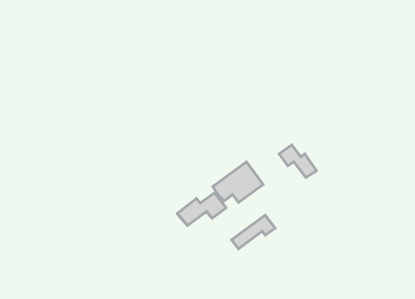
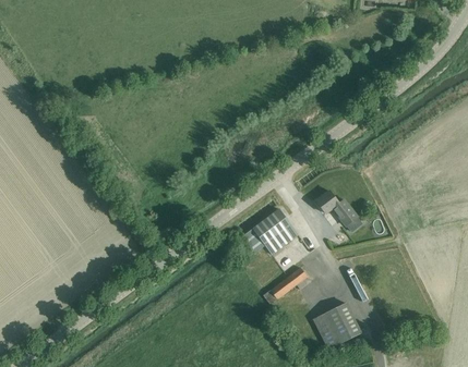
building: [177,193,226,226] -> none
building: none -> [315,303,361,347]

